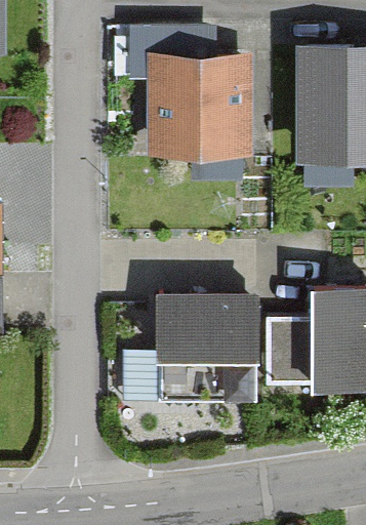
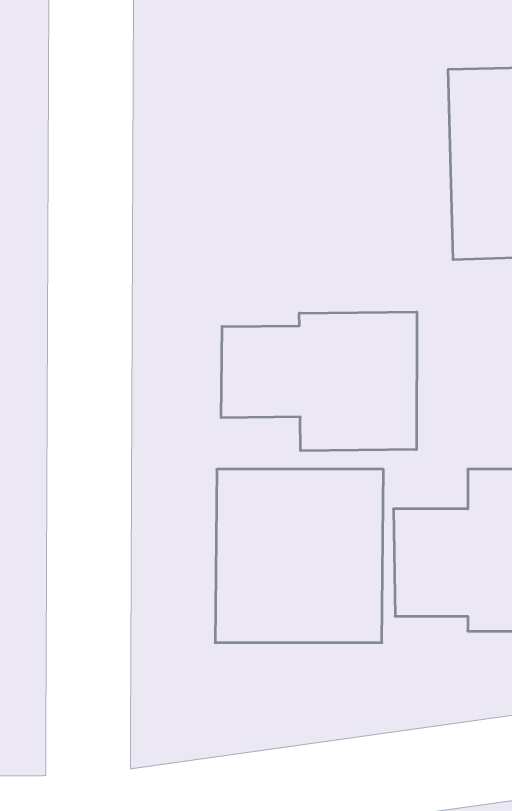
building: [146,54,250,156] -> none
building: none -> [221,312,417,451]

